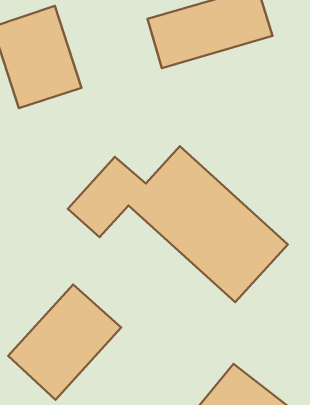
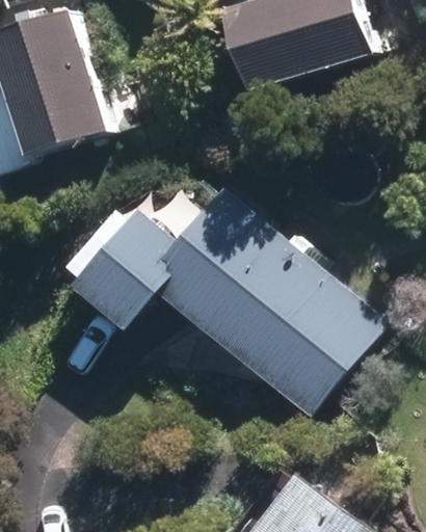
building: [8,285,121,400] -> none

